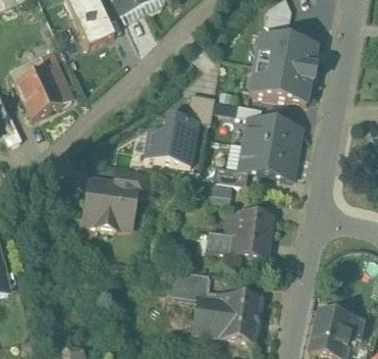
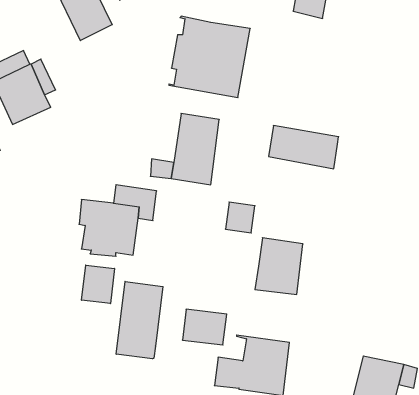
building: [250,35,317,102] -> [169,16,250,98]
building: [238,143,298,178] -> none
building: [206,229,235,253] -> none
building: none -> [82,265,114,304]
building: none -> [116,281,163,359]

